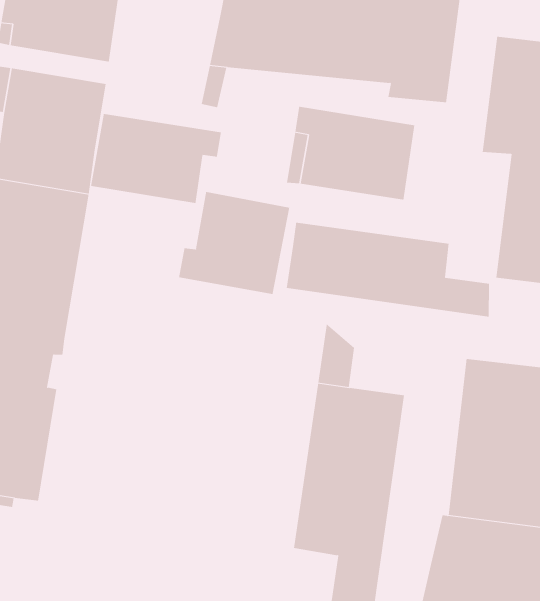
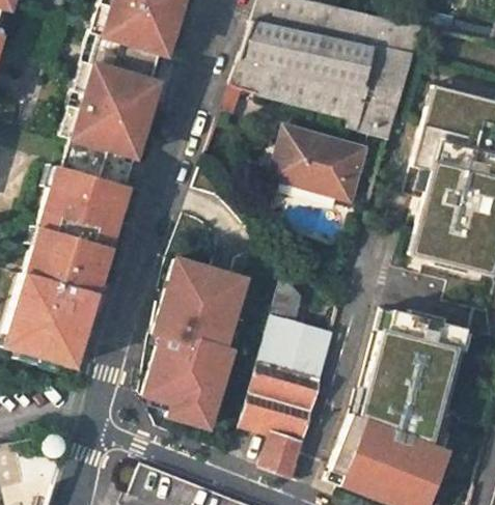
building: [91,113,221,204] -> none
building: [178,191,290,295] -> none
building: [286,222,490,318] -> none
building: none -> [148,249,278,429]

